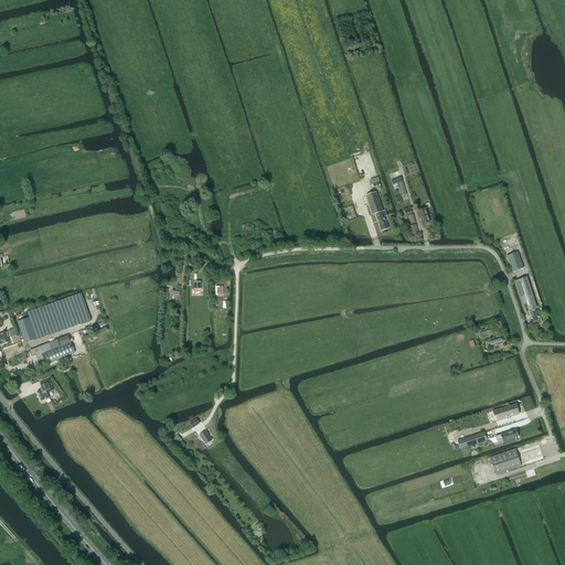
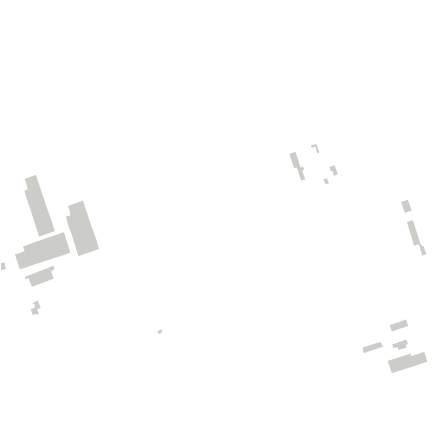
building: none -> [23,174,56,238]
building: none -> [65,200,100,257]

